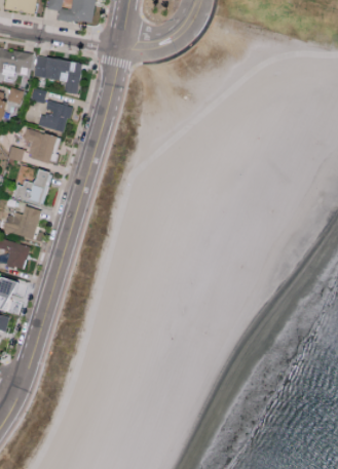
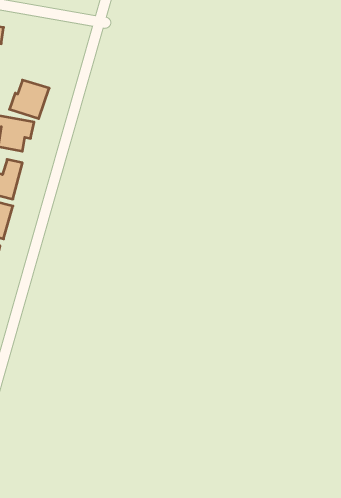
building: [33,57,81,94] -> none

